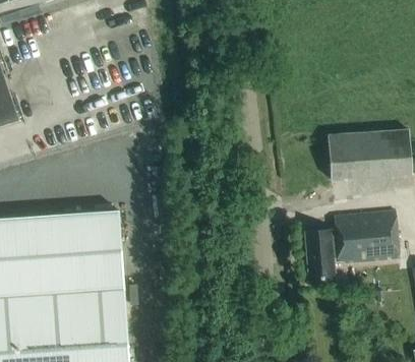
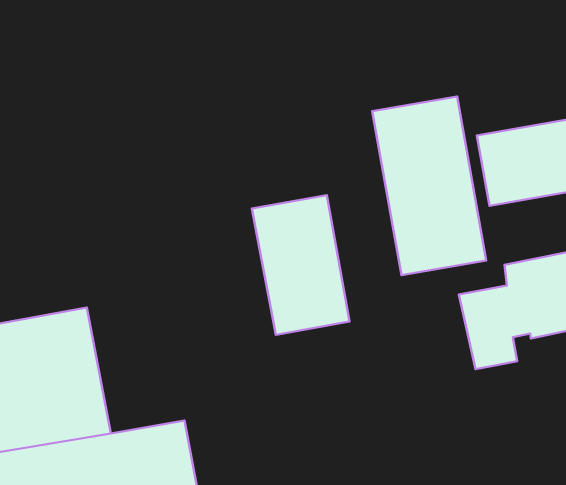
building: none -> [372,96,486,275]
building: [71,210,124,294] -> [252,195,350,335]

